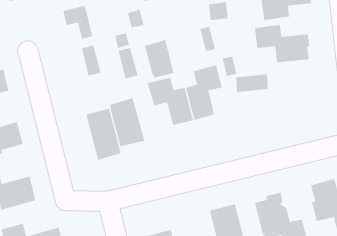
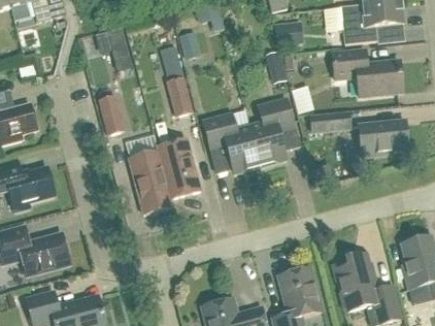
building: [144,39,174,78] -> none
building: [81,45,101,76] -> [100,96,125,134]
building: none -> [359,121,408,156]

